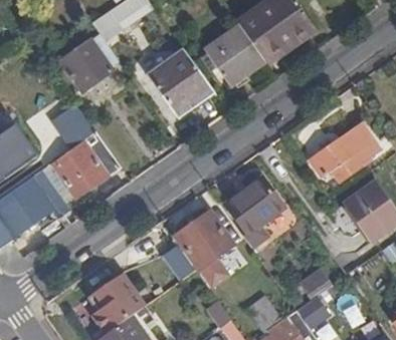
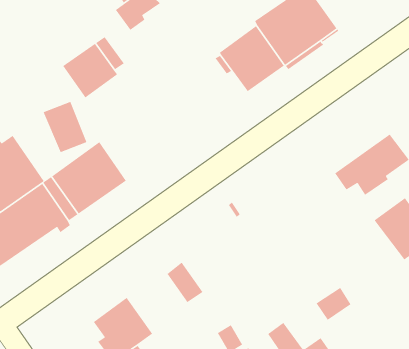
building: [149,49,213,115] -> none
building: [229,178,285,244] -> none
building: [173,210,233,270] -> none

